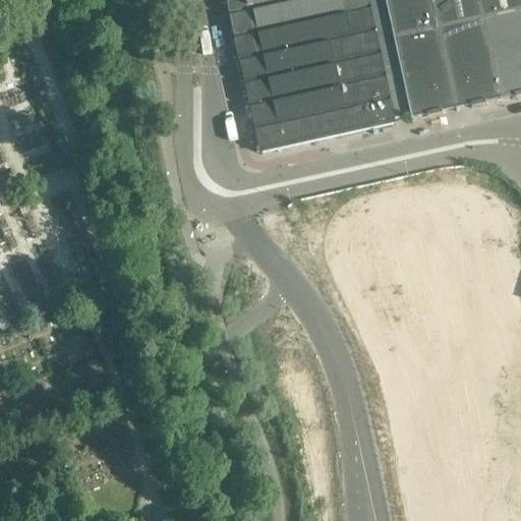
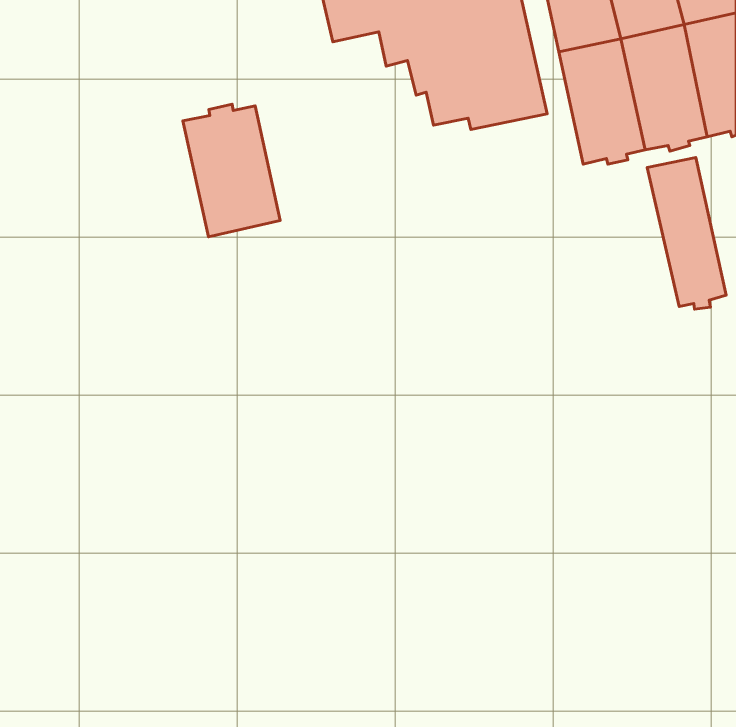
building: [235,22,395,149] -> none
building: none -> [183,104,280,237]
building: none -> [647,157,726,309]

